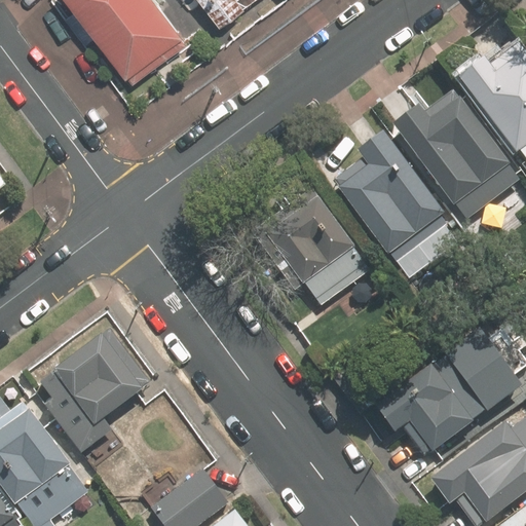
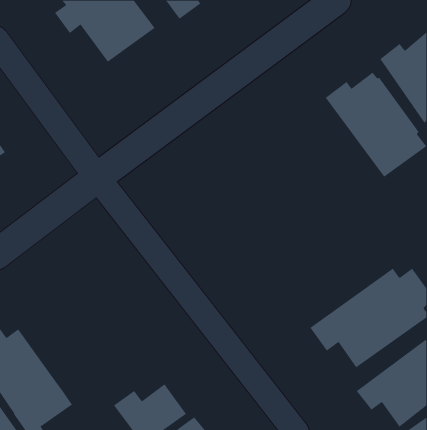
building: [332,129,446,262] -> none
building: [261,186,368,308] -> none
building: [38,332,146,454] -> none

